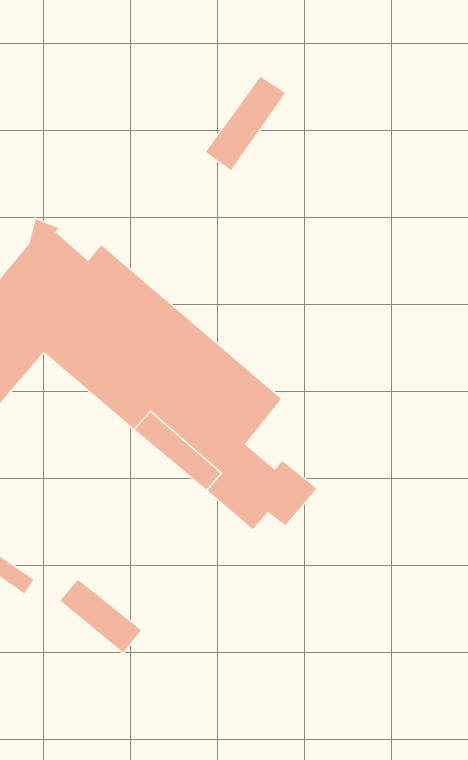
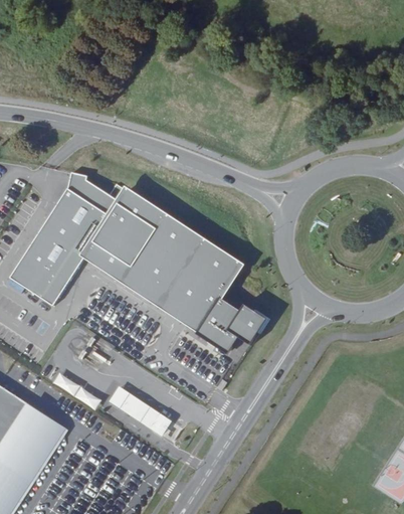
building: [205,76,286,171] -> none

